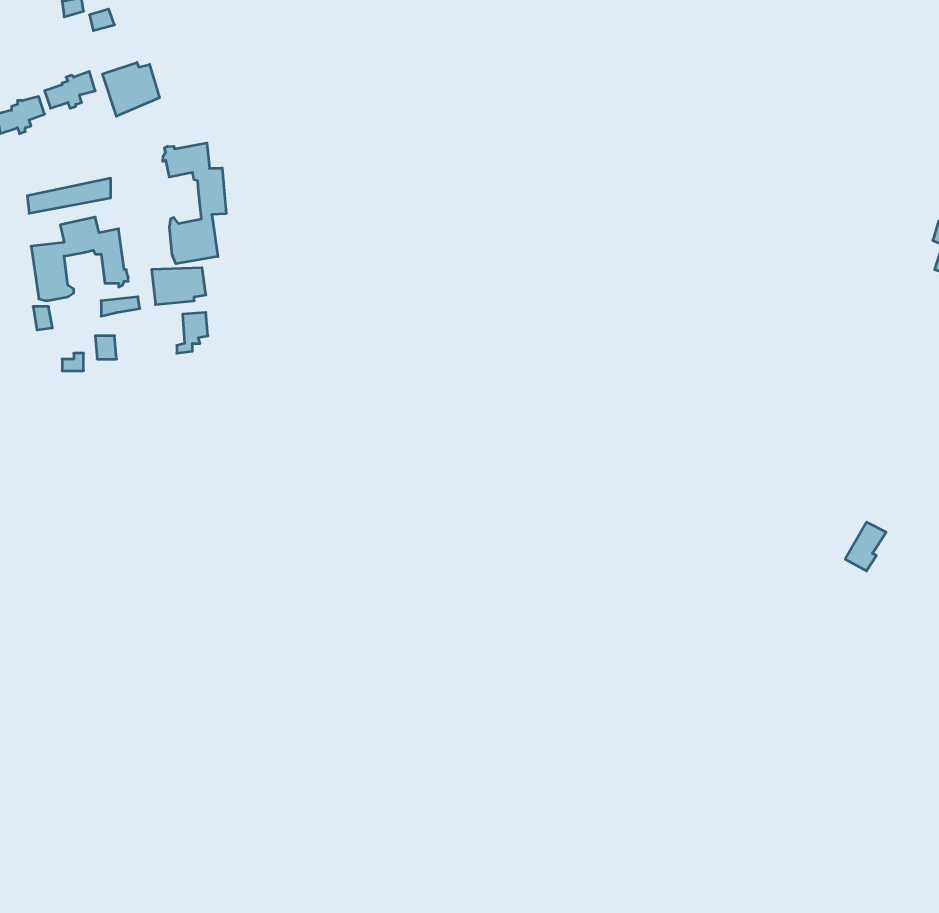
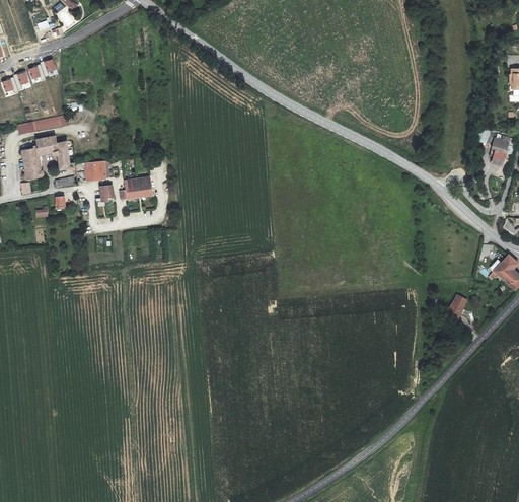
building: [103,62,159,116] -> none
building: [163,143,226,264] -> none
building: none -> [121,176,152,197]

